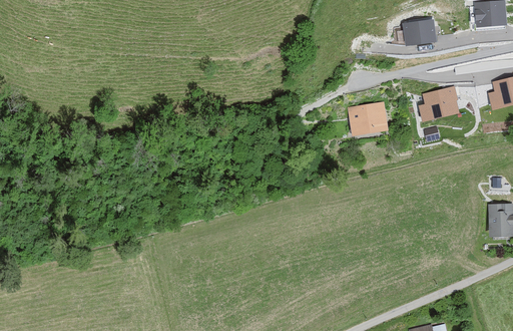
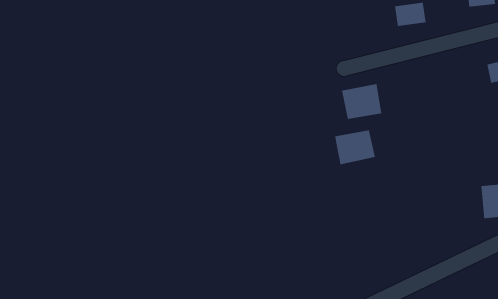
building: [418,88,456,120] -> none
building: none -> [334,129,376,165]

